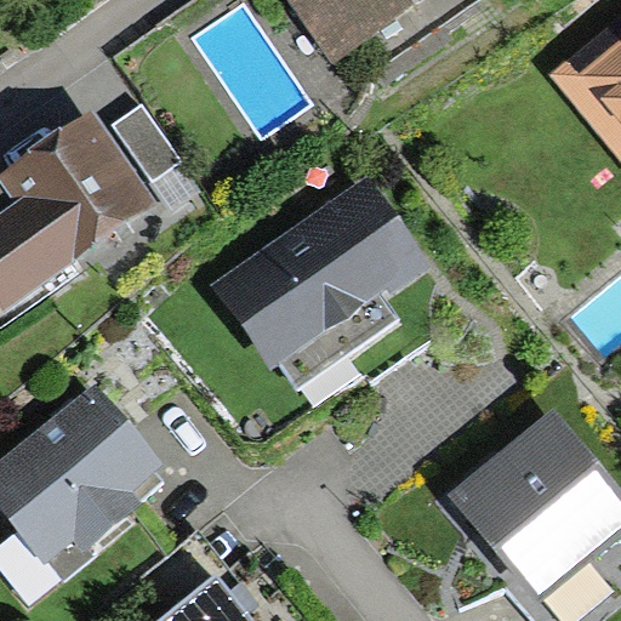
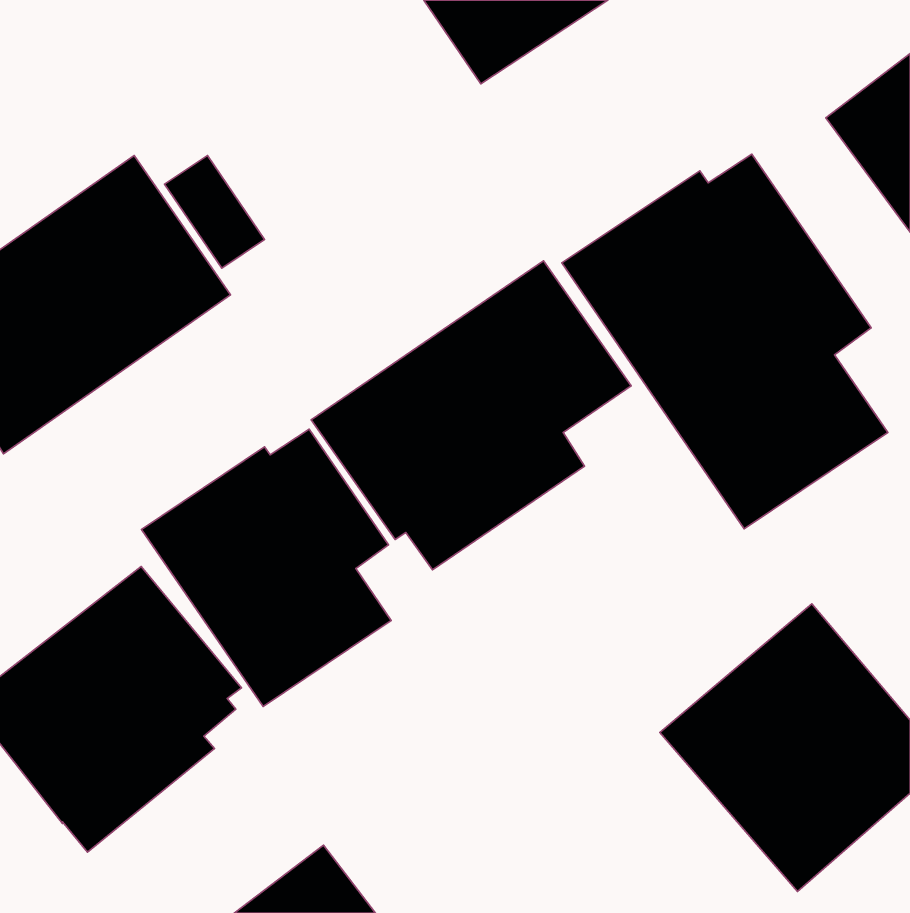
building: none -> [562,154,888,529]
building: none -> [142,429,391,707]

